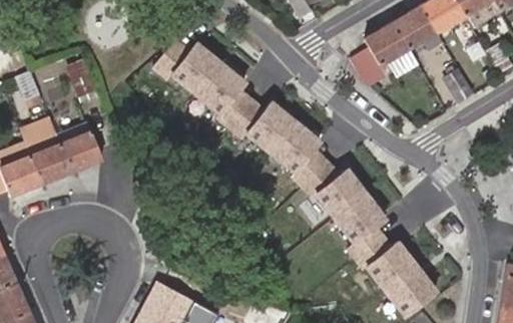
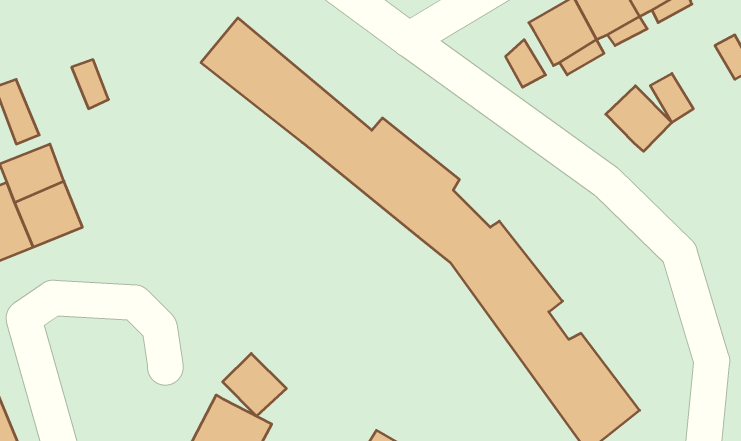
building: none -> [606,86,672,151]
building: [62,129,104,172] -> none
building: none -> [223,353,286,416]

